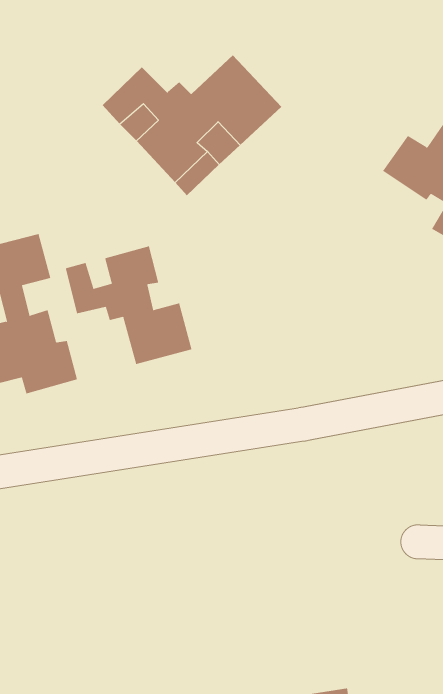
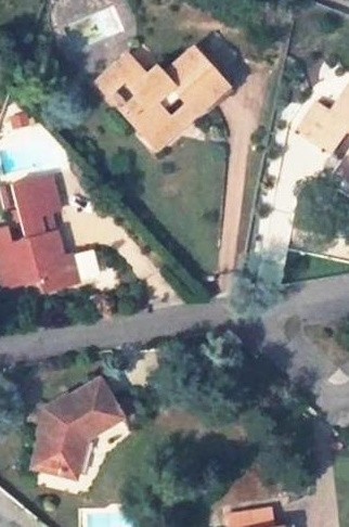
building: [65,246,192,365] -> none
building: none -> [35,382,121,476]

